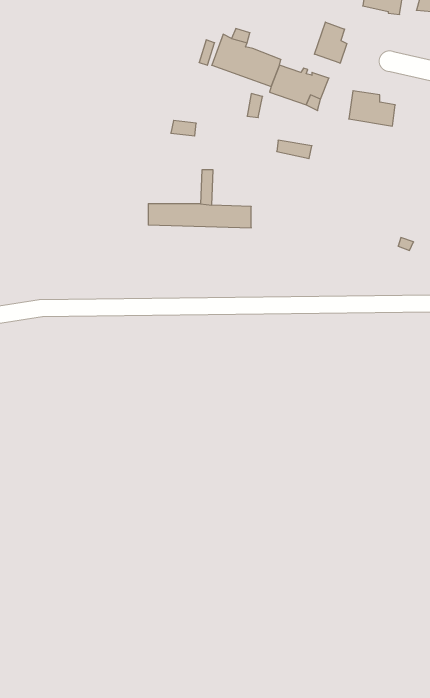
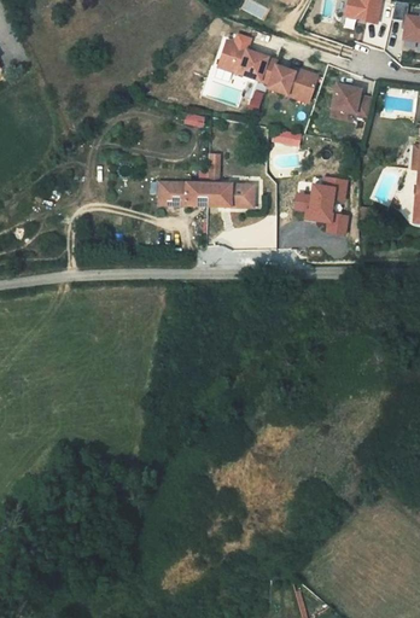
building: [314,22,347,63] -> none
building: none -> [296,176,349,233]

